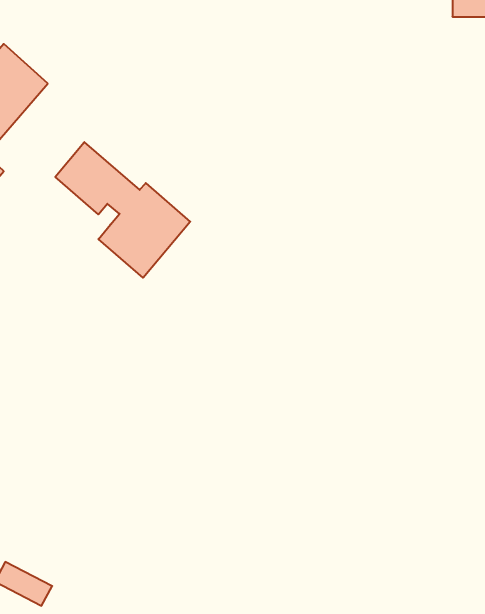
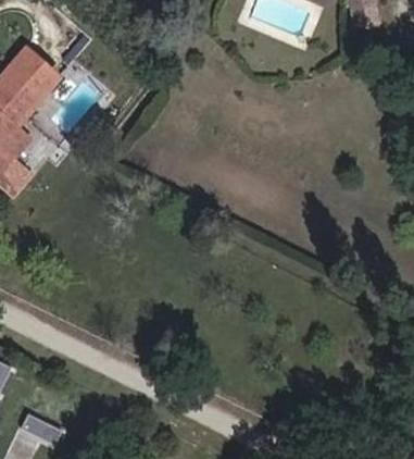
building: [55,142,190,278] -> none

